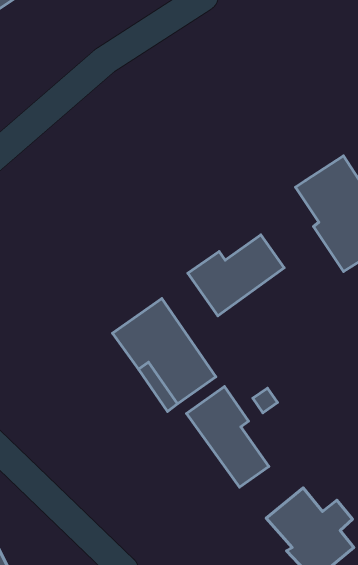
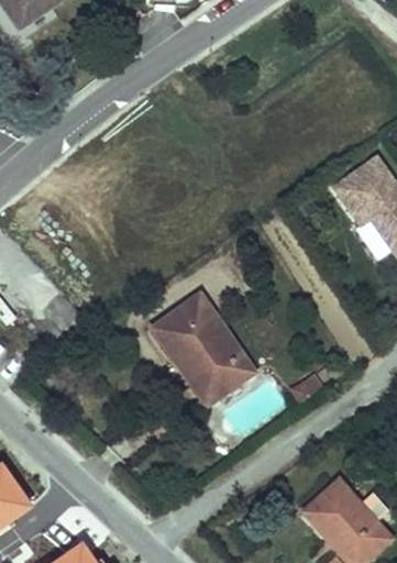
building: [188,235,284,316] -> none
building: [186,387,269,487] -> none

